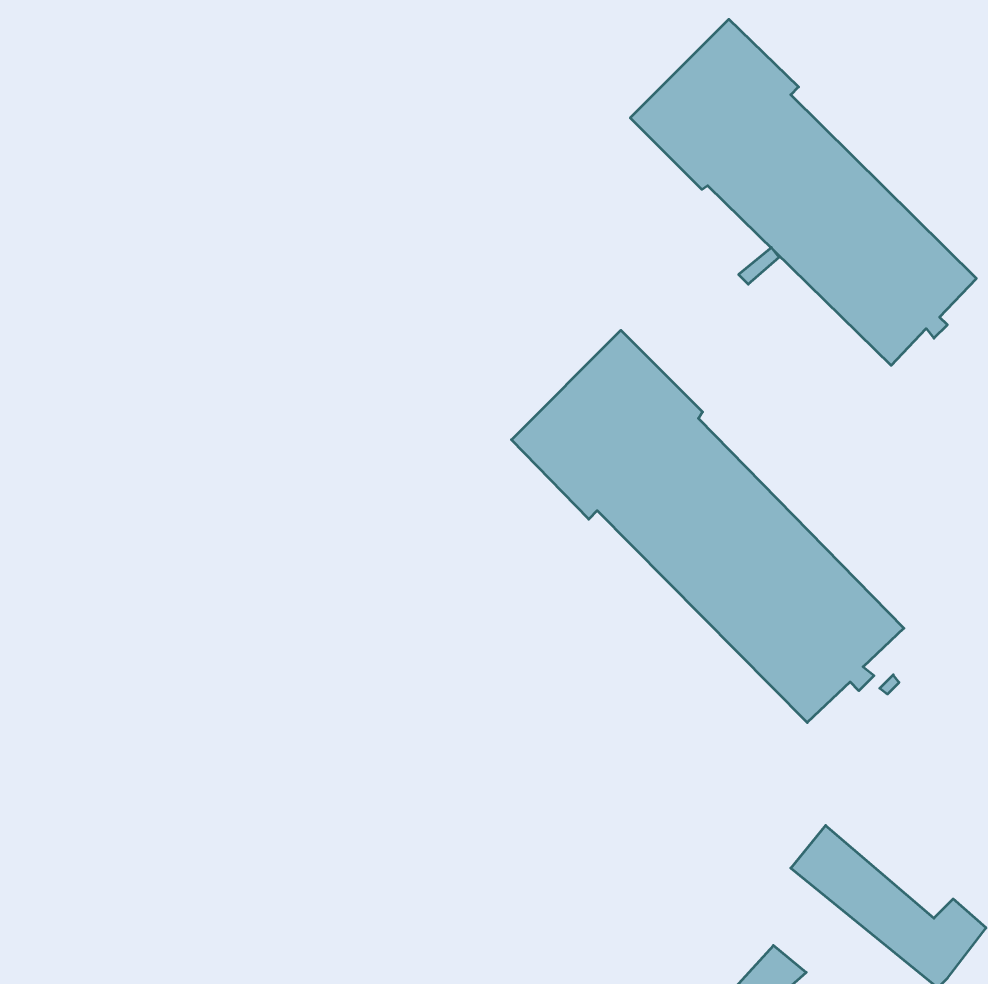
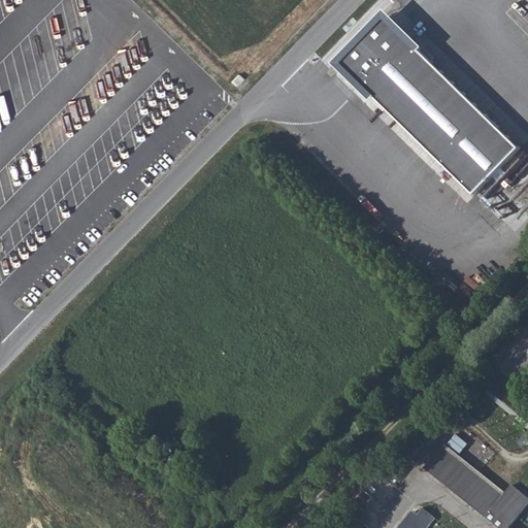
building: [511,330,904,723] -> none

